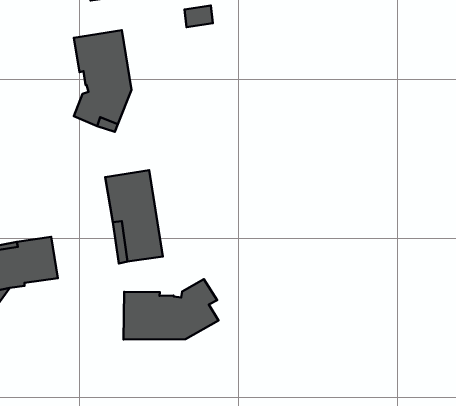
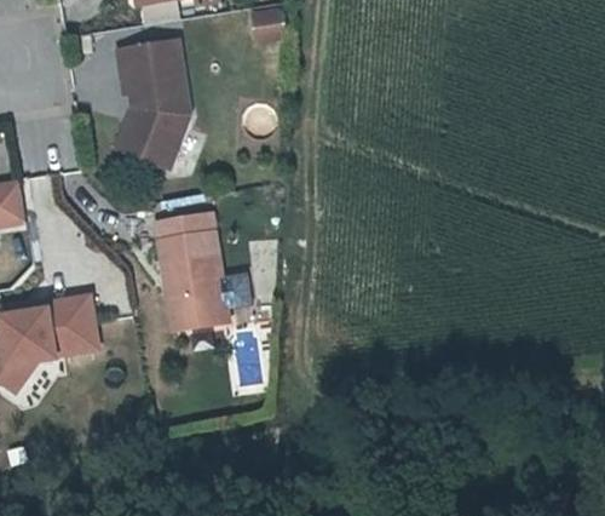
building: [123,279,218,339] -> none

